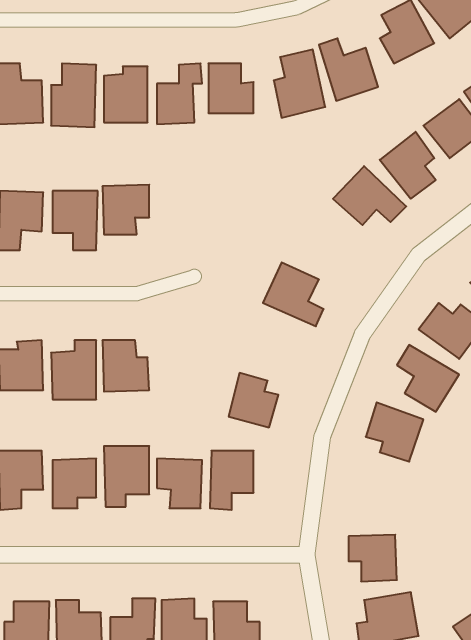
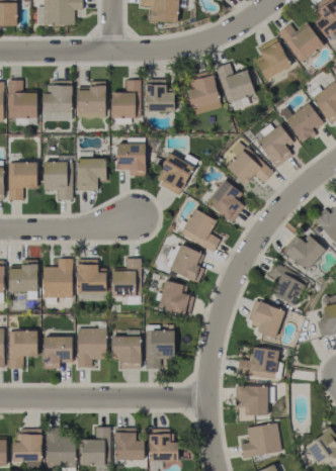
building: none -> [116,138,145,176]
building: none -> [155,155,194,196]
building: none -> [206,180,244,221]
building: none -> [169,245,203,280]
building: none -> [111,259,141,297]
building: none -> [237,348,278,380]

